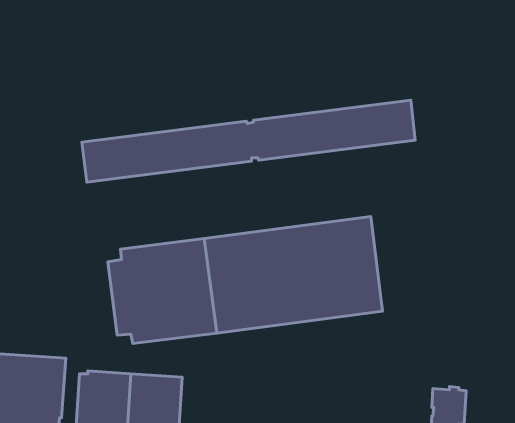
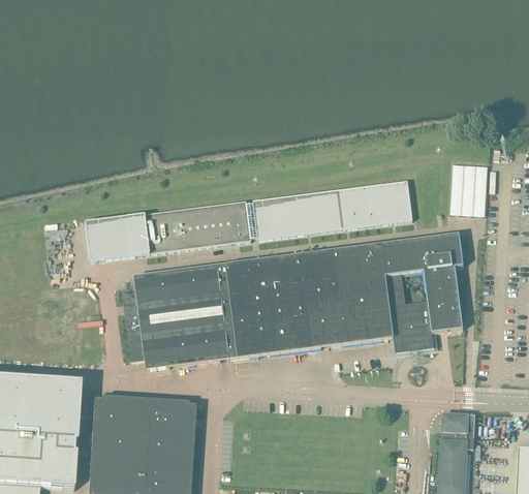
building: [82,100,415,182] -> [84,180,412,260]
building: none -> [449,162,488,215]
building: none -> [381,233,463,351]

